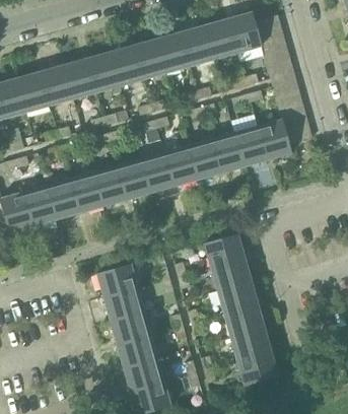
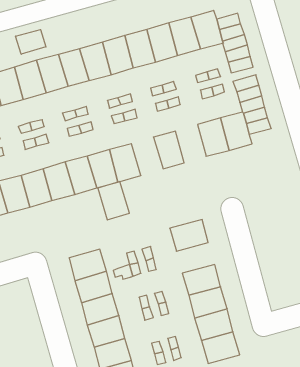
building: none -> [16,30,46,54]
building: [210,133,242,174] -> none
building: [163,146,197,187] -> [98,182,129,220]
building: [211,258,252,290] -> none

